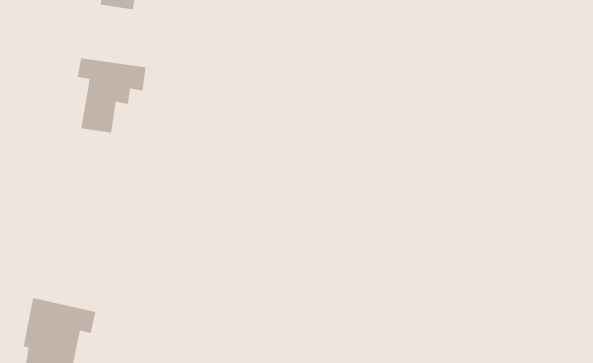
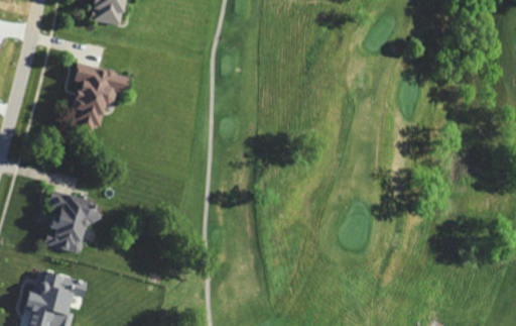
building: none -> [44,192,96,254]

